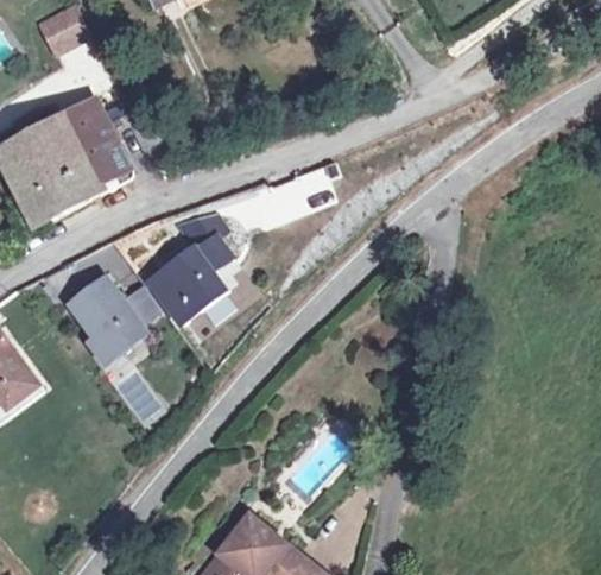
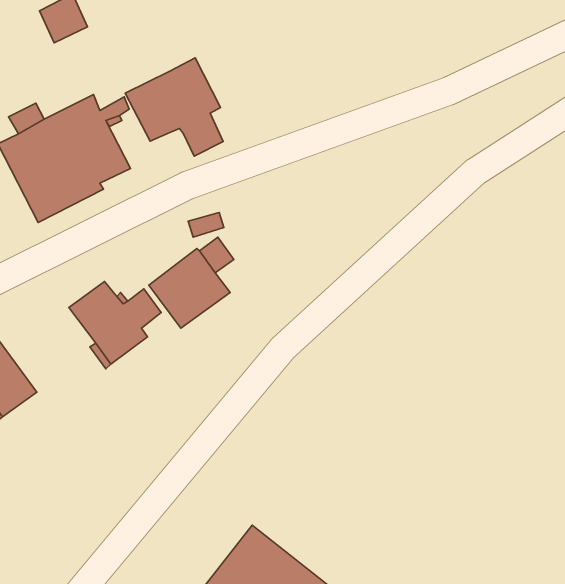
building: none -> [125,58,223,156]

